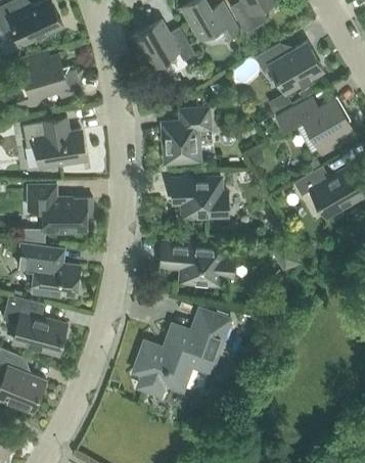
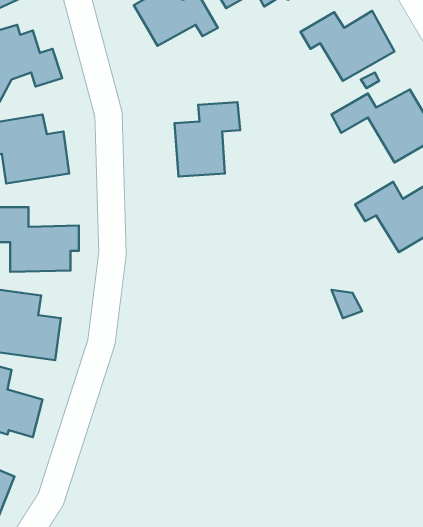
building: [172,176,228,218] -> none
building: [161,243,234,286] -> none
building: [134,311,229,396] -> none

